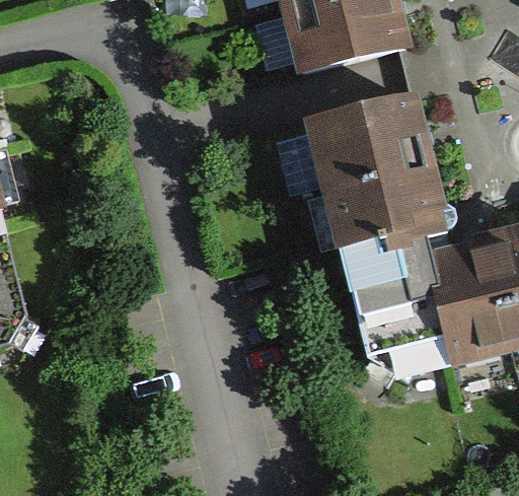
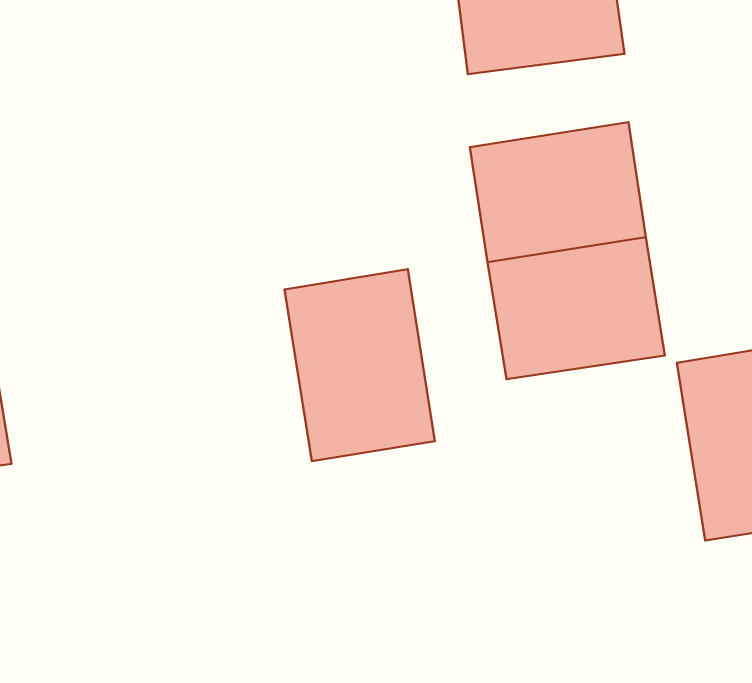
building: none -> [284,269,435,461]
building: [345,239,480,381] -> none

